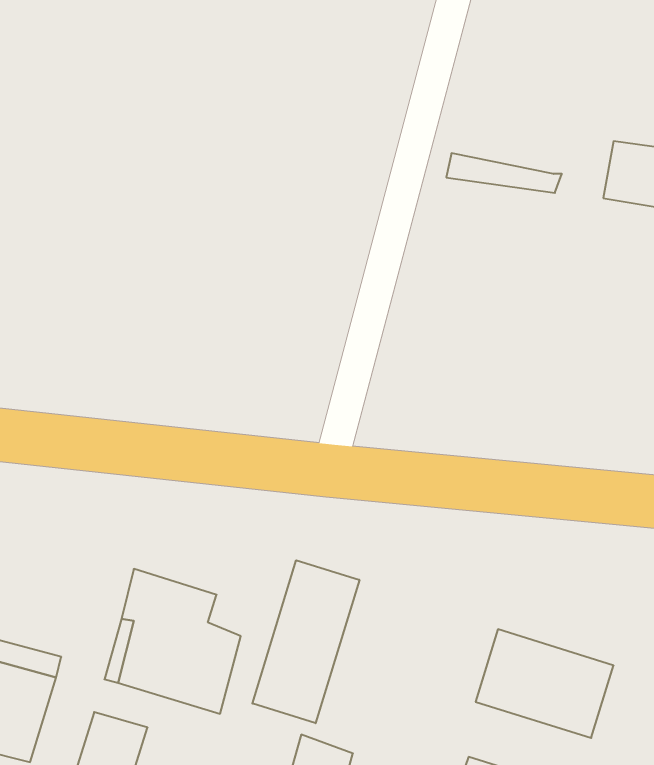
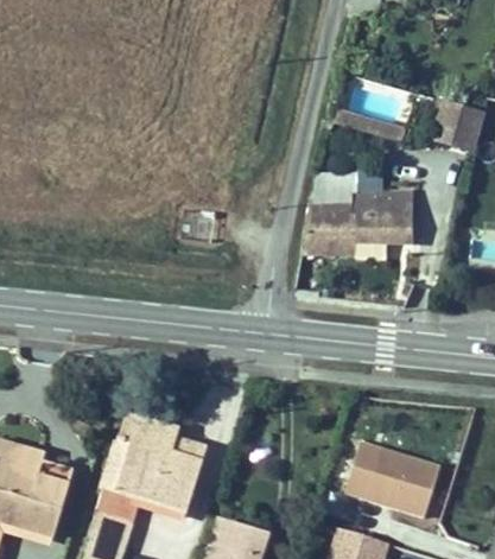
building: none -> [304,183,427,263]
building: [252,560,359,723] -> none

